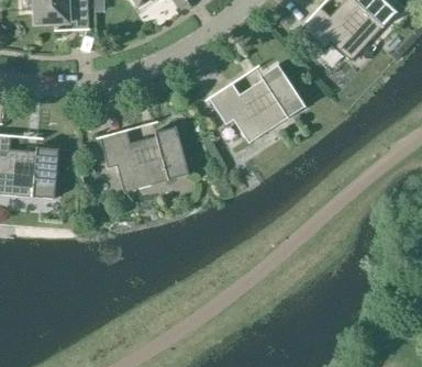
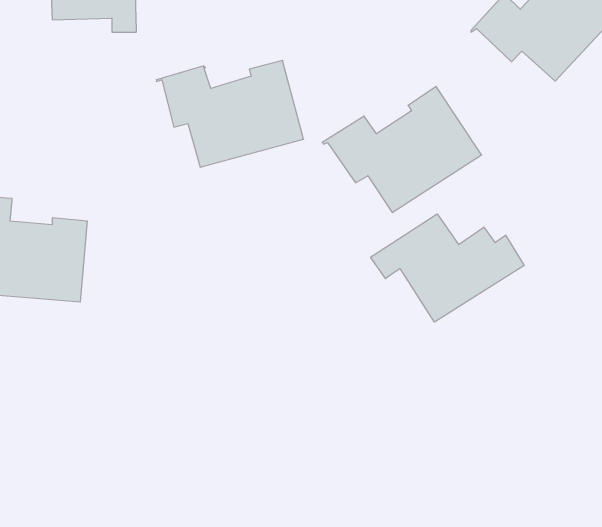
building: [96,124,188,191] -> [156,60,304,167]
building: none -> [371,214,524,322]

